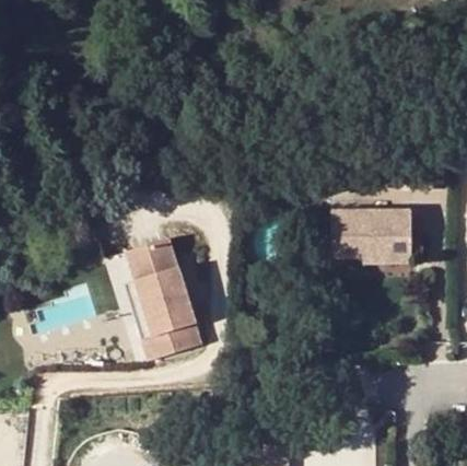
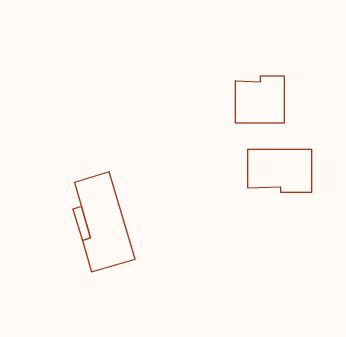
building: none -> [236,76,284,123]

